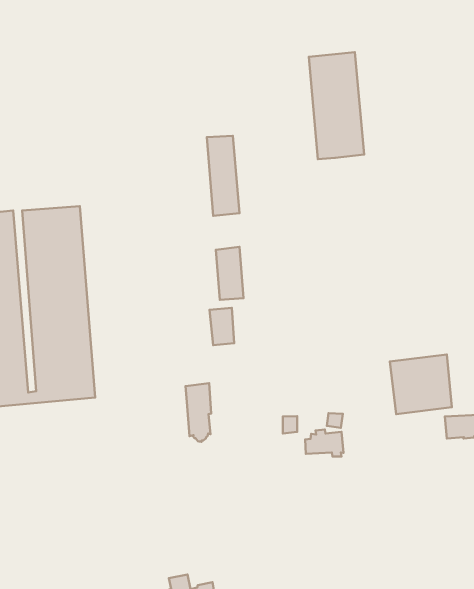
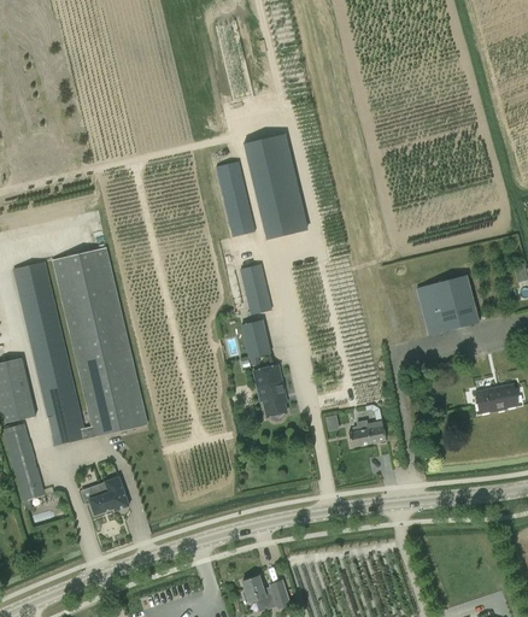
building: [309,52,364,159] -> [242,133,307,237]
building: [390,355,452,414] -> [415,274,479,336]
building: [185,383,211,442] -> [256,365,286,421]
building: none -> [89,476,129,515]

